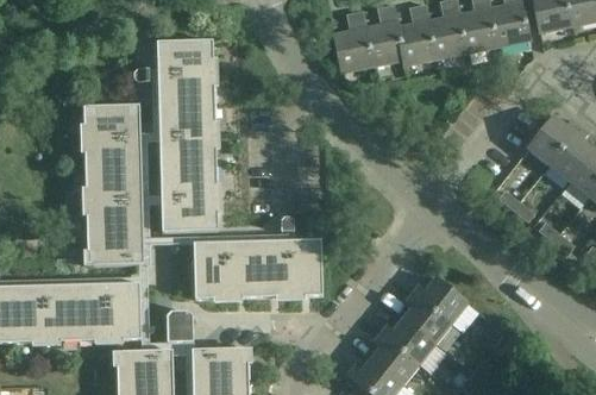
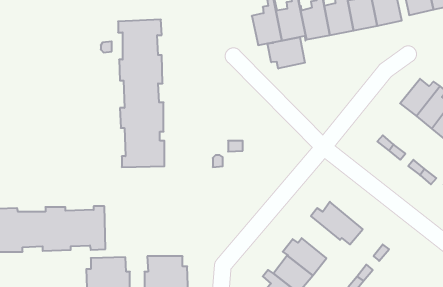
building: none -> [268,37,305,69]
building: [84,104,144,264] -> none
building: [194,238,324,297] -> none
building: [399,295,448,350] -> none
building: [167,309,194,341] -> none

